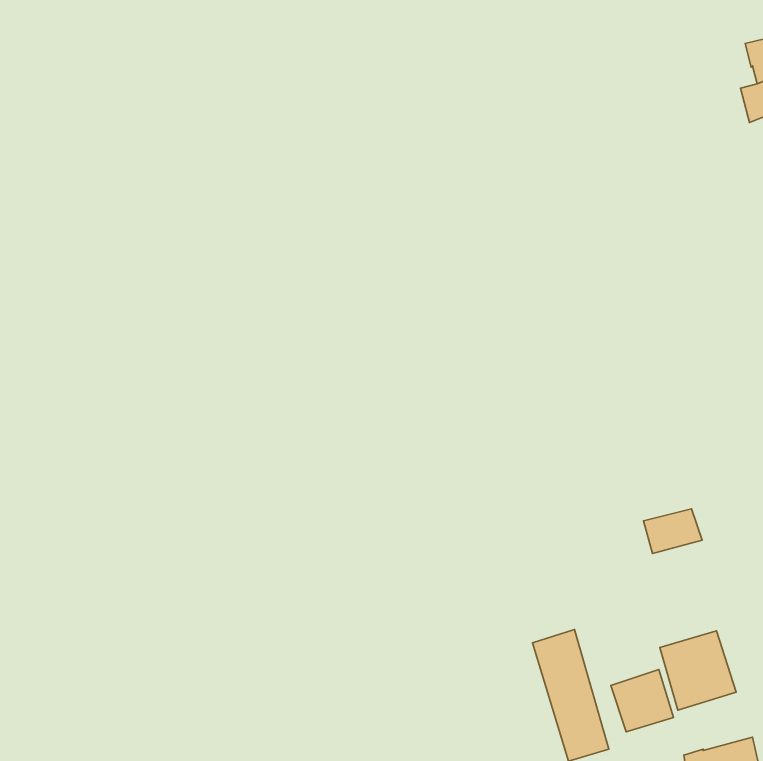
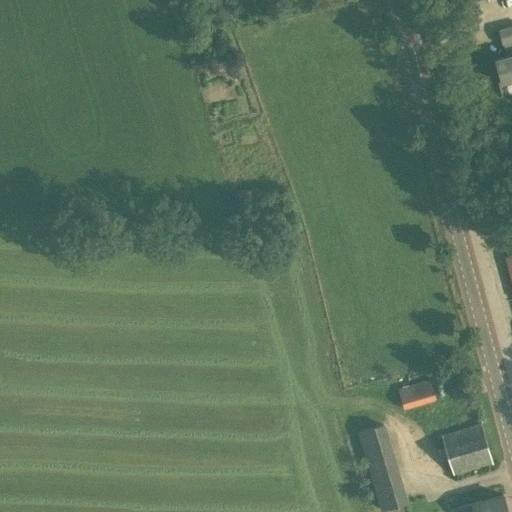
building: [644,509,702,554] -> [398,380,437,410]
building: [611,670,674,732] -> none

